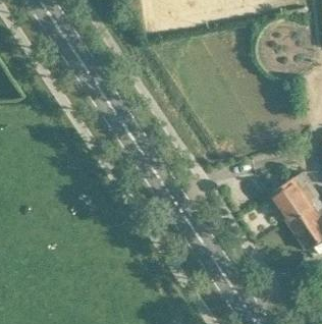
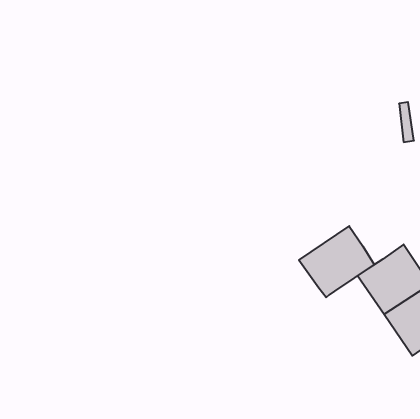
building: none -> [299,226,374,297]

